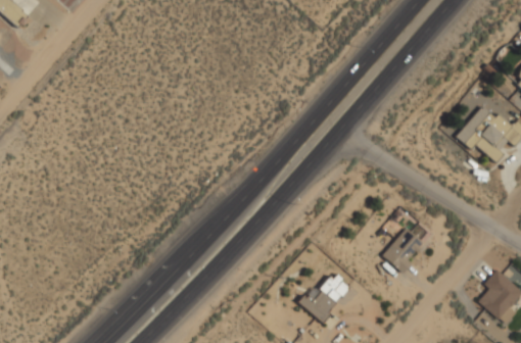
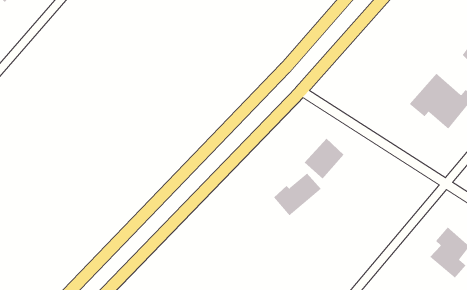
building: [382,228,426,273] -> [304,138,344,179]
building: [299,273,351,320] -> [273,173,321,216]

